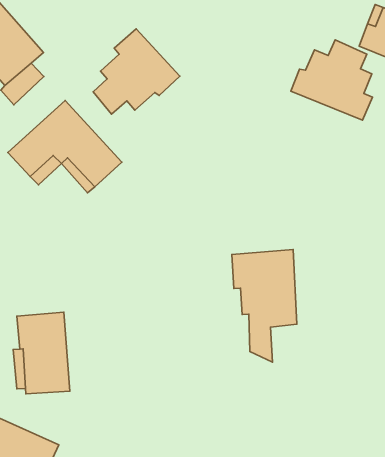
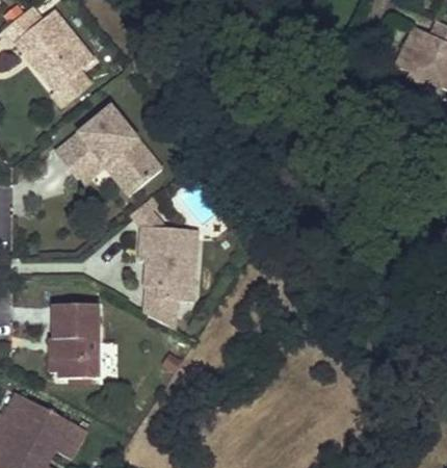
building: [93,29,180,114] -> none
building: [291,40,372,120] -> none
building: [232,250,297,362] -> [141,224,200,329]

